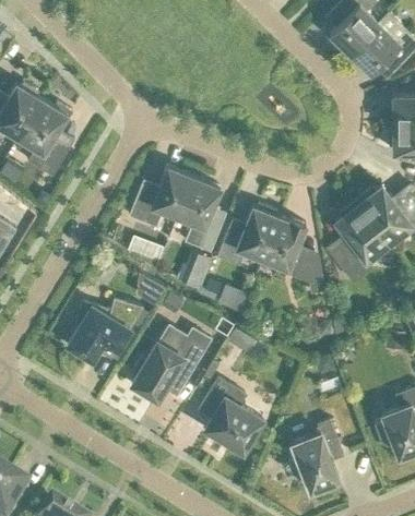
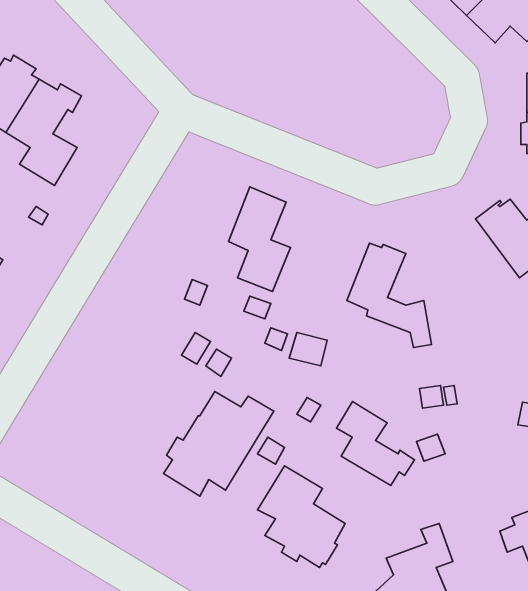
building: [129,167,193,227] -> none
building: [329,200,388,280] -> none
building: [216,203,280,265] -> none
building: [68,298,143,359] -> none
building: none -> [336,401,415,485]

